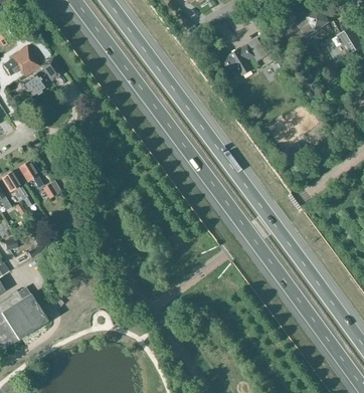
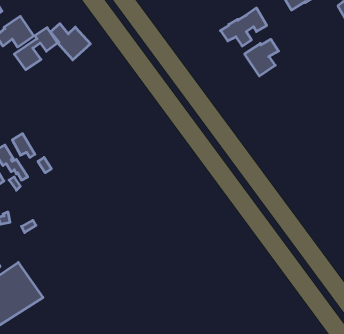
building: none -> [50,24,90,60]
building: none -> [245,39,279,76]

